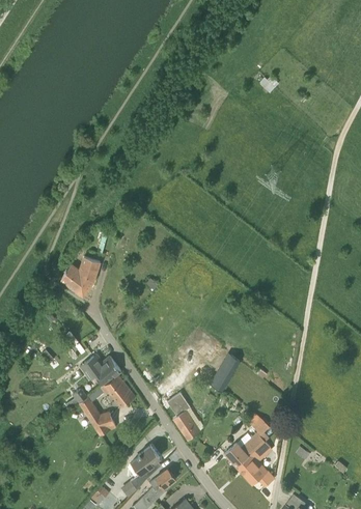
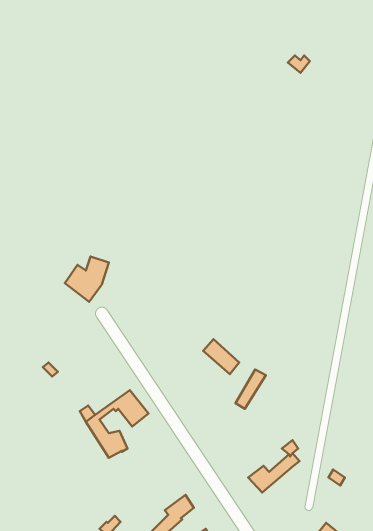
building: [92,357,121,386] -> none
building: [167,393,200,440] -> none
building: [237,443,270,487] -> none
building: [130,446,162,489] -> none

